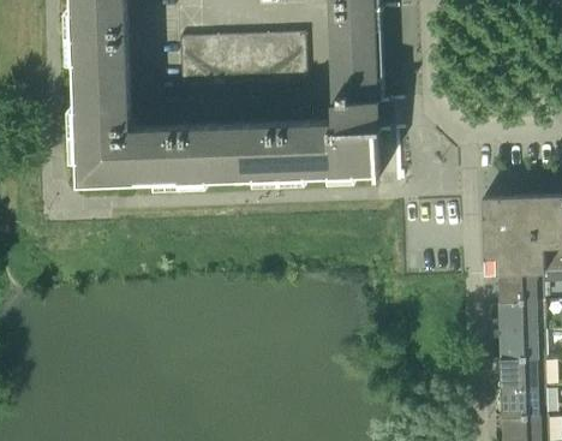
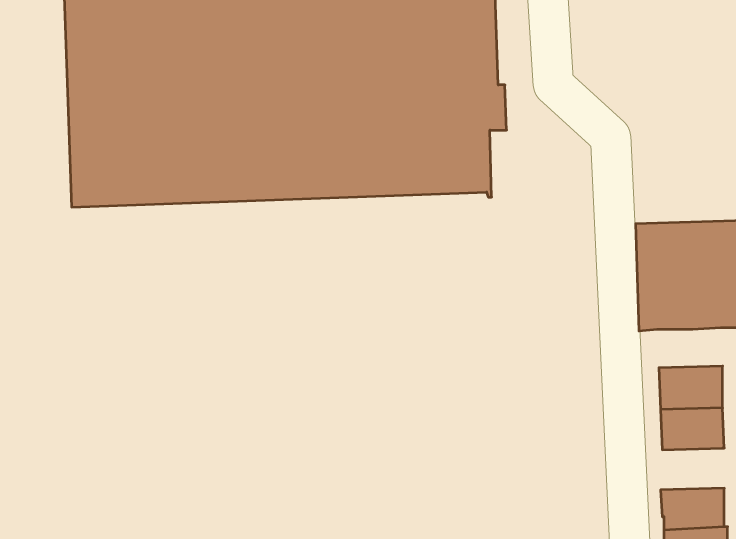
building: [496,274,543,303] -> none
building: [498,360,544,391] -> none

